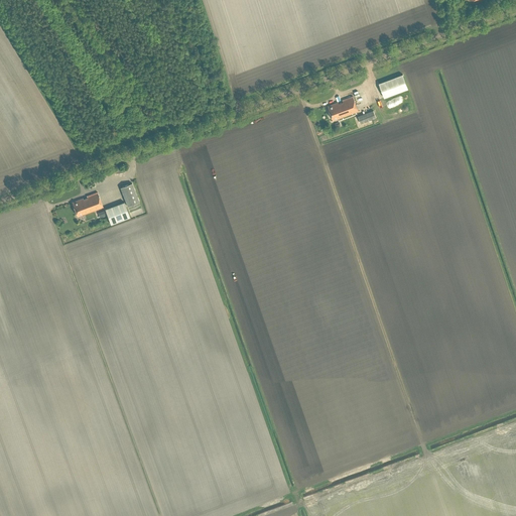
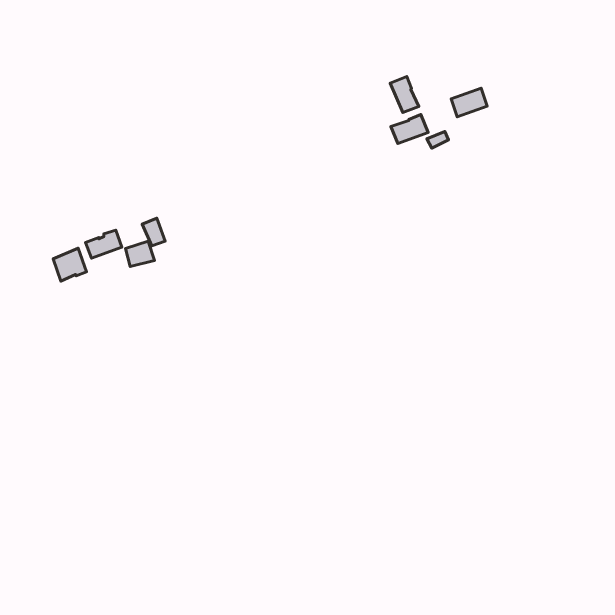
building: none -> [390,77,419,112]
building: none -> [53,248,87,281]

